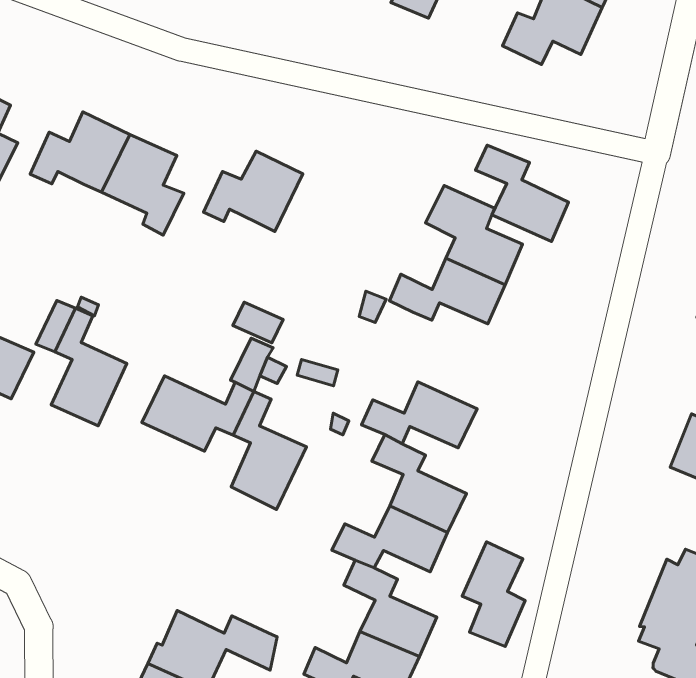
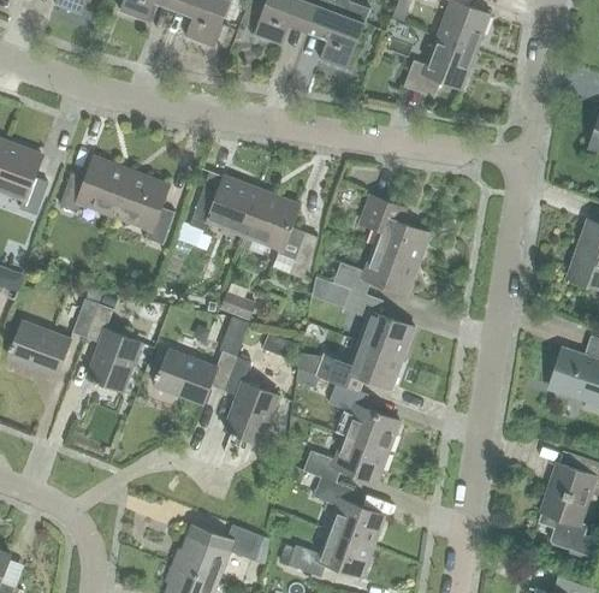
building: [476,145,569,241] -> [344,289,415,357]
building: none -> [244,191,318,278]
building: [462,542,525,646] -> none

